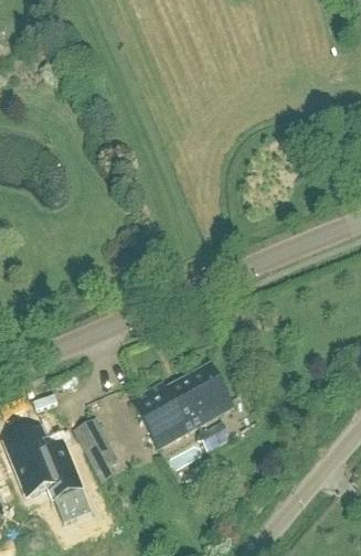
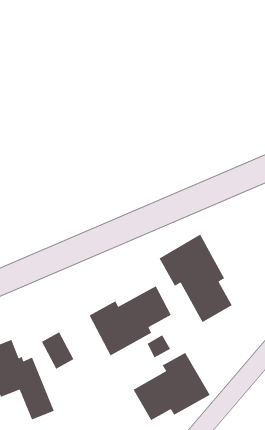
building: none -> [159,234,233,323]
building: none -> [132,352,211,421]

